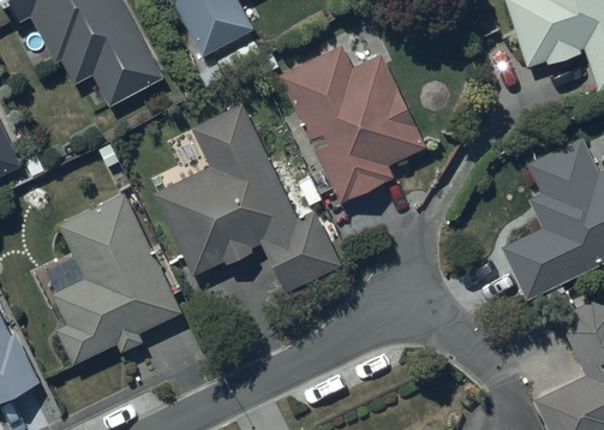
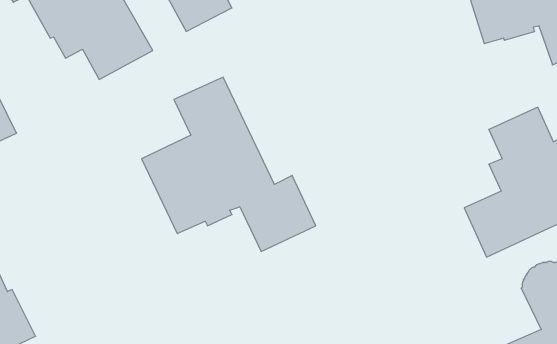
building: [280,46,426,203] -> none
building: [52,196,183,364] -> none

